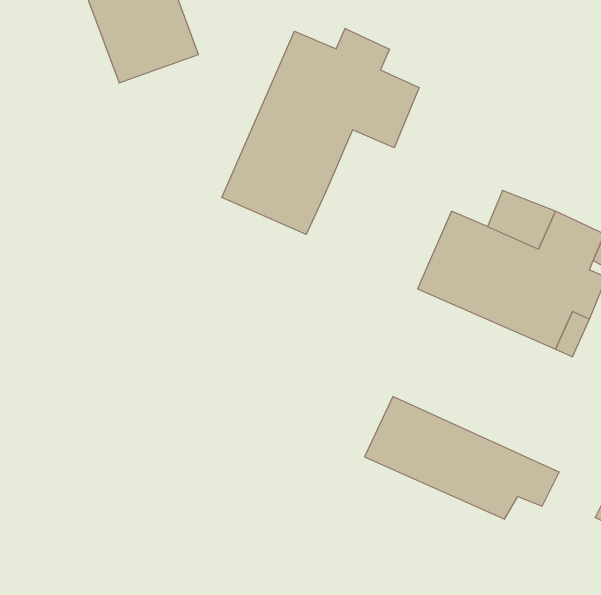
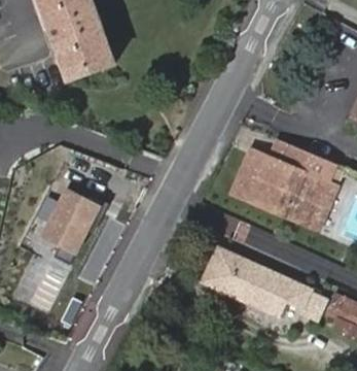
building: [222,28,419,234] -> none
building: none -> [42,184,100,260]

